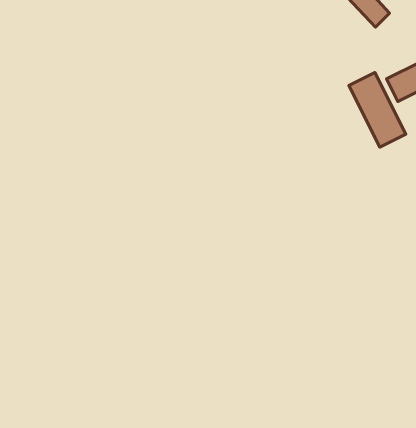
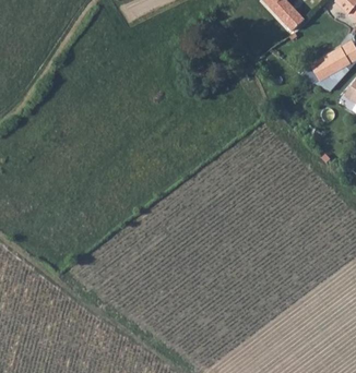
building: [349,72,406,147] -> none

